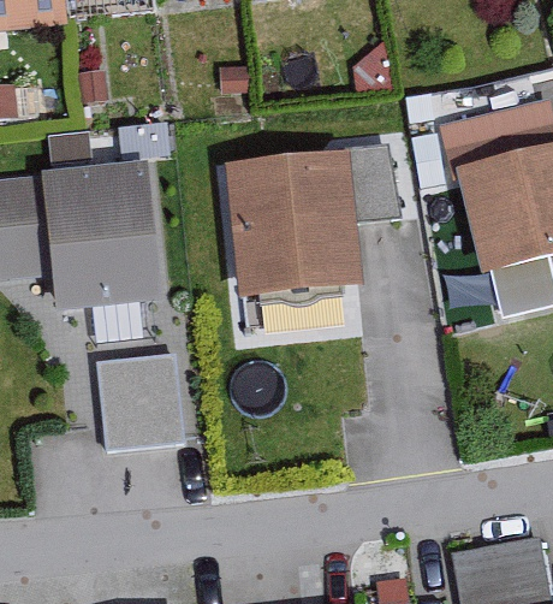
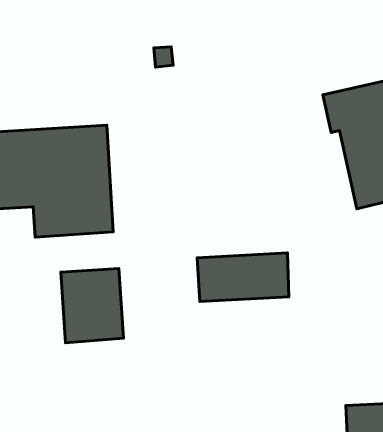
building: [234,148,396,297] -> none
building: none -> [197,253,289,302]

